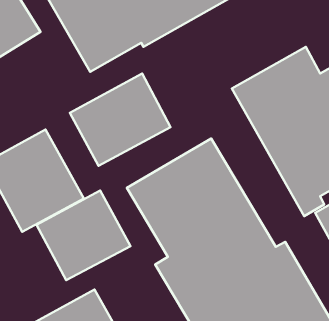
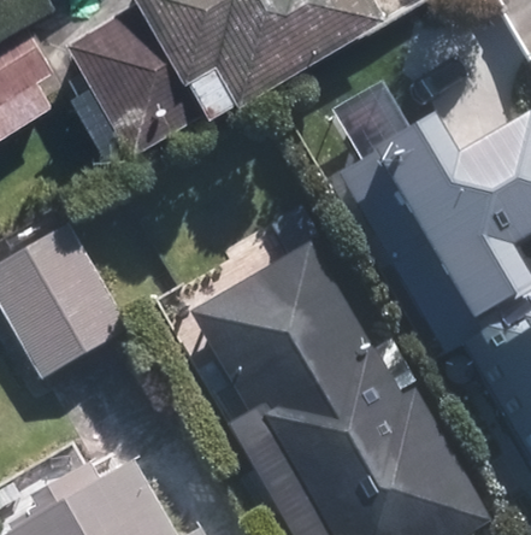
building: [70,73,170,166] -> none
building: [37,190,130,280] -> none

